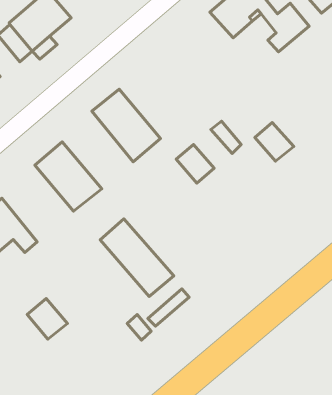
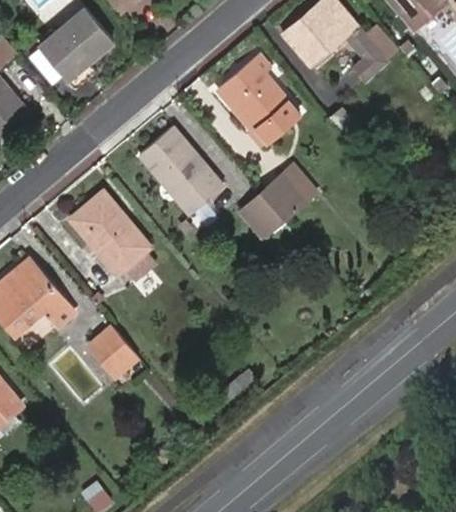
building: none -> [220,58,299,140]
building: [255,122,294,161] -> [262,175,309,222]
building: [100,219,174,296] -> none
building: [27,299,68,339] -> [88,326,137,375]

